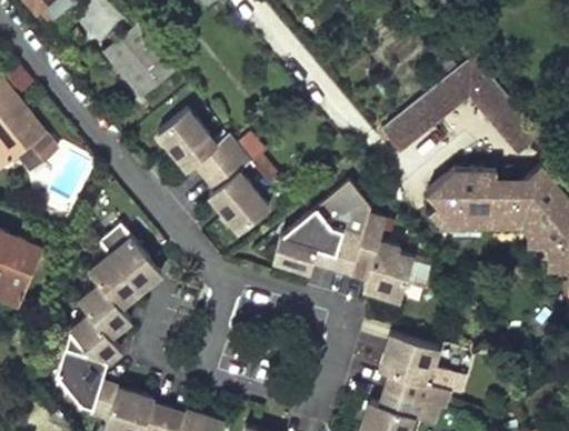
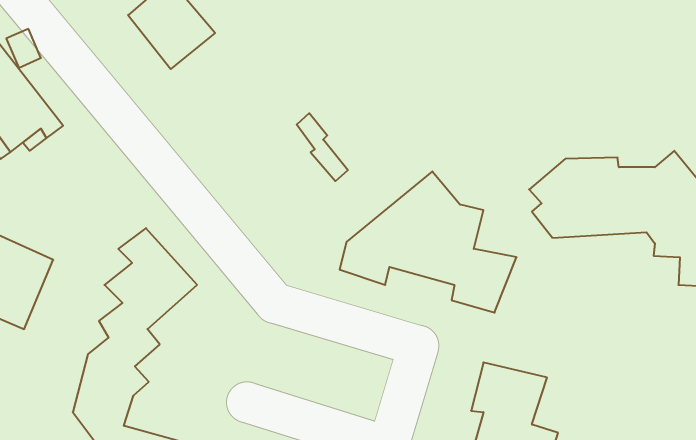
building: [379,56,541,158] -> none
building: [156,108,266,233] -> none

